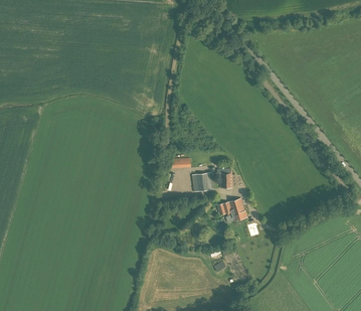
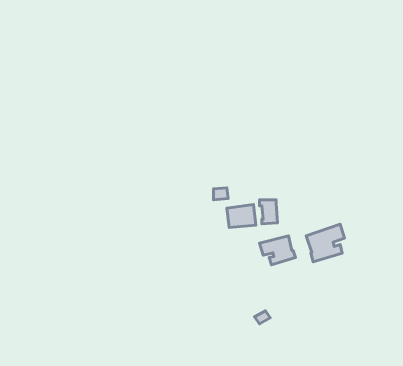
building: none -> [306,224,345,262]

